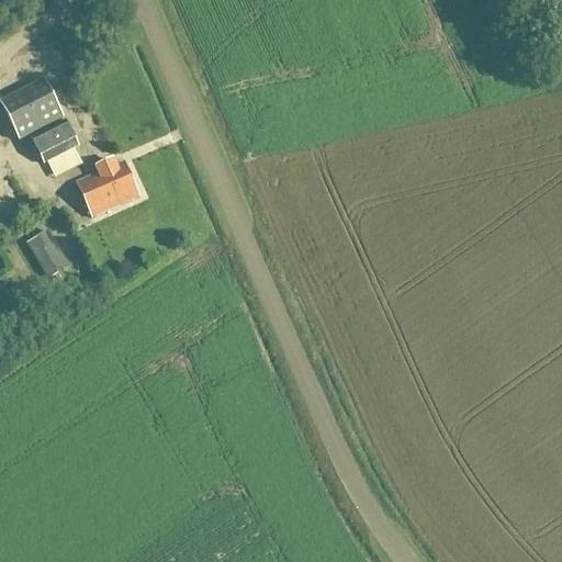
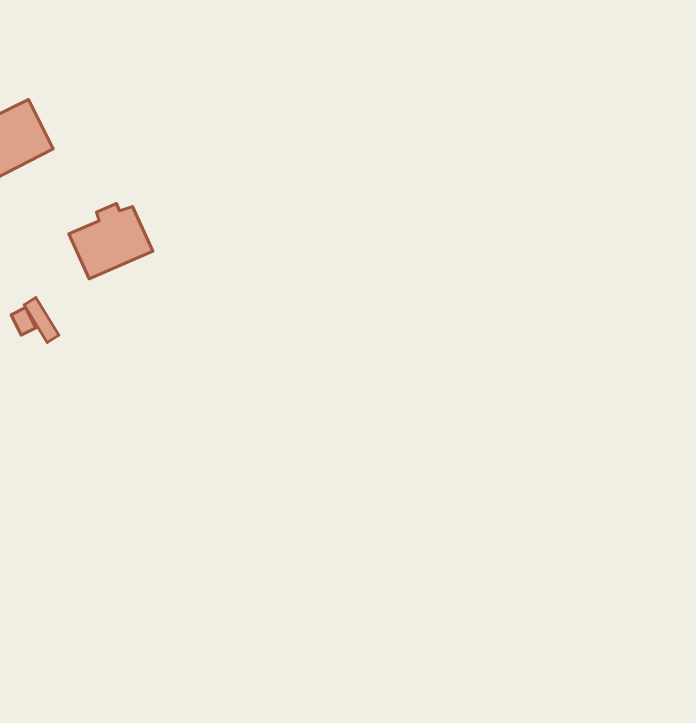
building: [31,119,78,161] -> none

